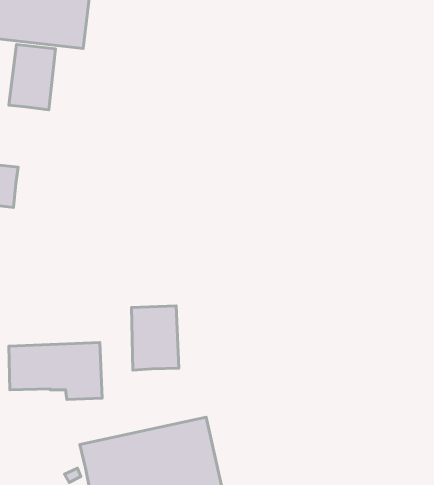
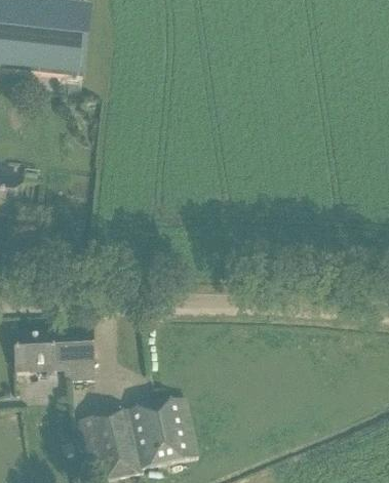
building: [9,44,56,110] -> none
building: [131,306,179,370] -> none

